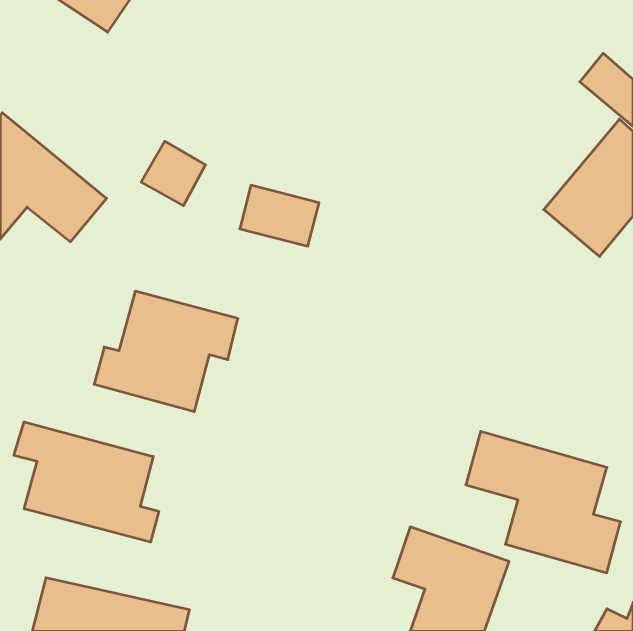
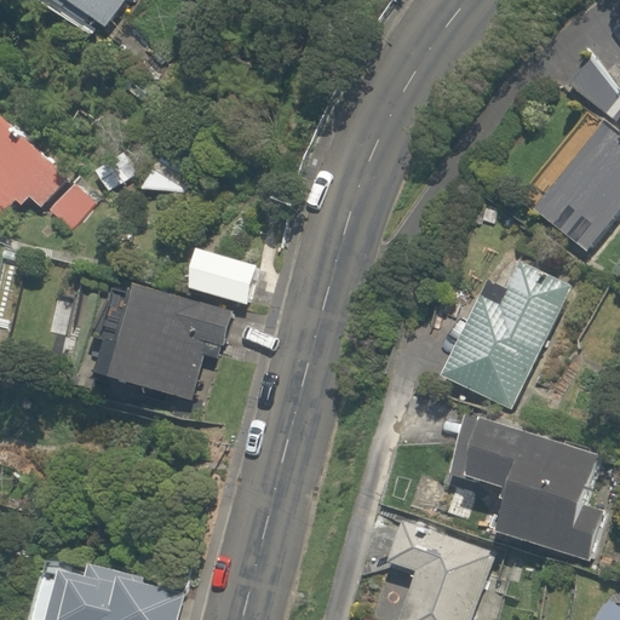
building: [240,185,319,246] -> [179,247,257,306]
building: none -> [437,262,568,407]
building: [14,422,159,542] -> none

